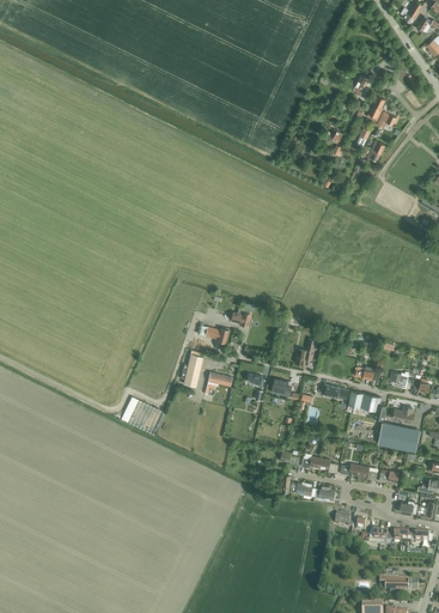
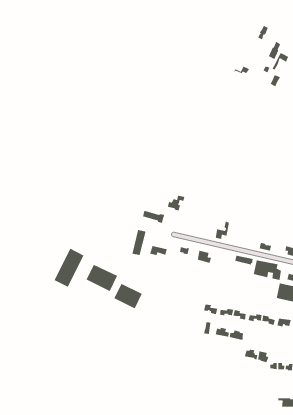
building: none -> [53,248,84,288]
building: none -> [113,283,143,310]

